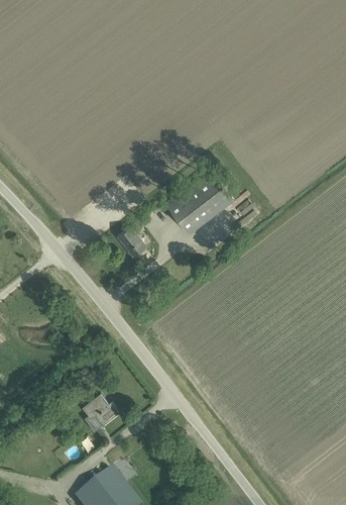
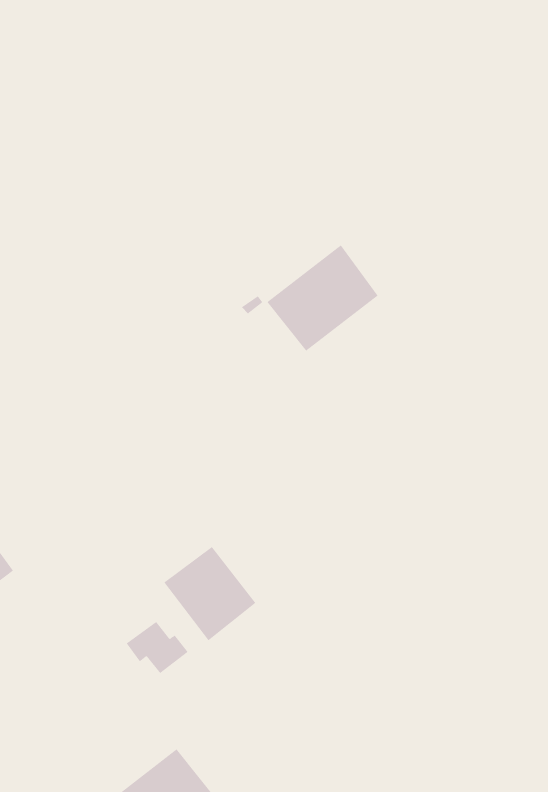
building: [117,228,145,259] -> none
building: none -> [163,546,256,641]

